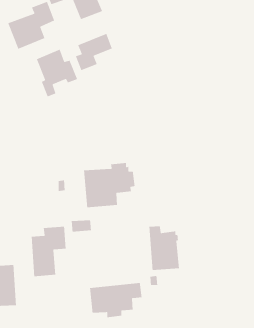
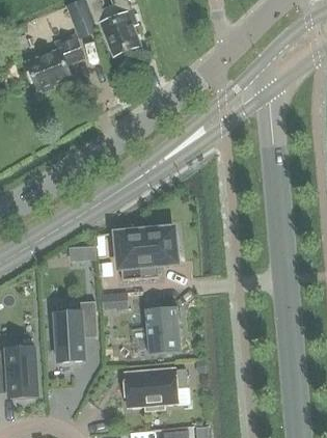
building: [75,33,113,71] -> none
building: [36,49,78,98] -> none
building: [148,225,180,271] -> [142,300,180,354]

